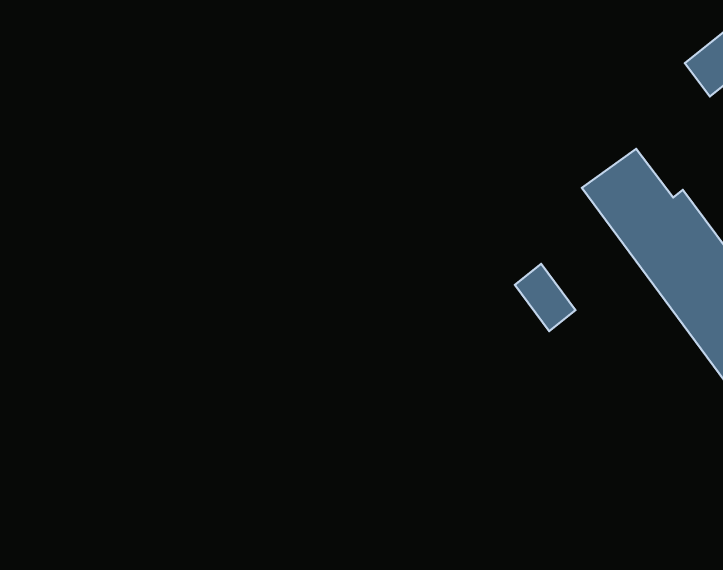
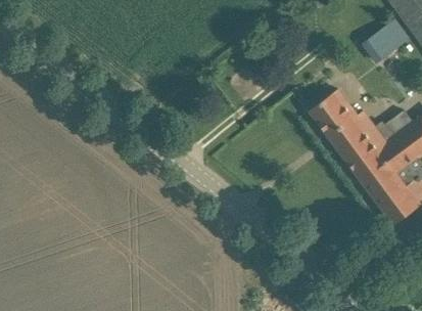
building: [515,264,576,331] -> none

